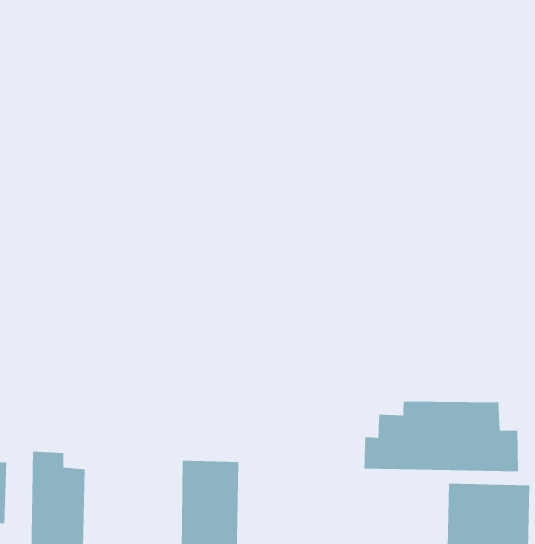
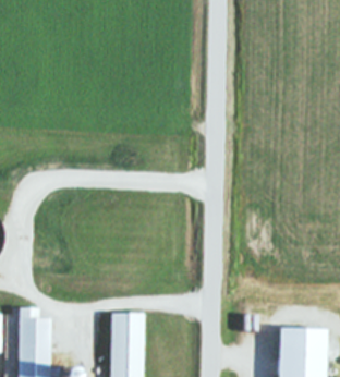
building: [363,401,519,472] -> none

